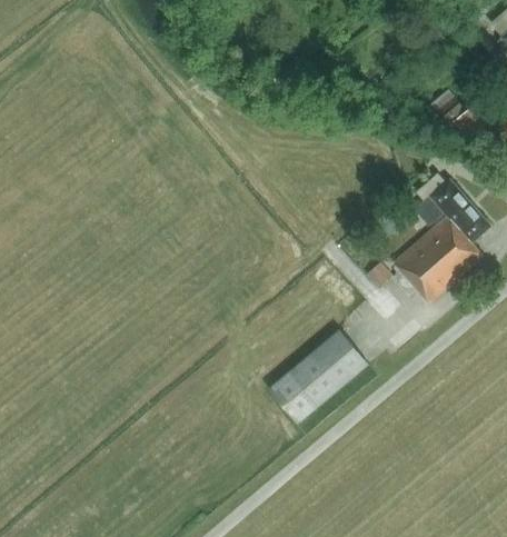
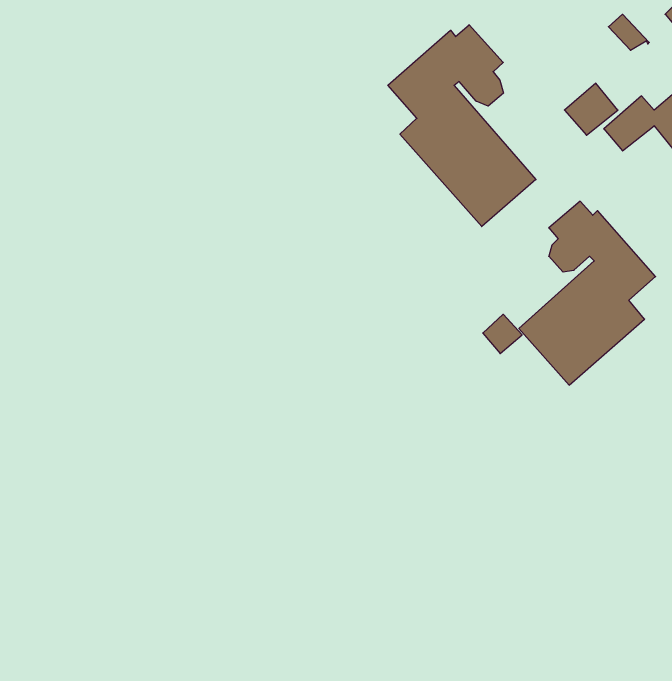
building: none -> [388,25,536,227]
building: [266,329,367,425] -> none

